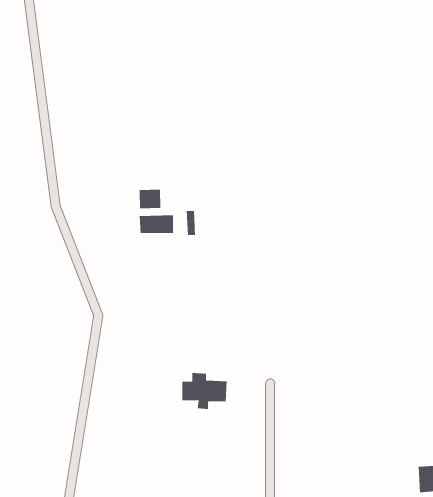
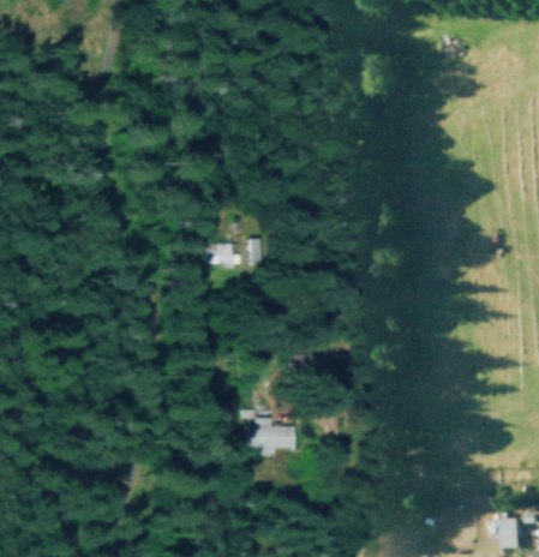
building: [139,189,161,209] -> none

